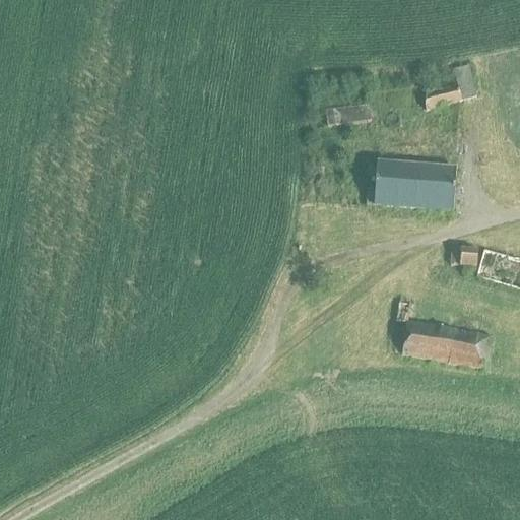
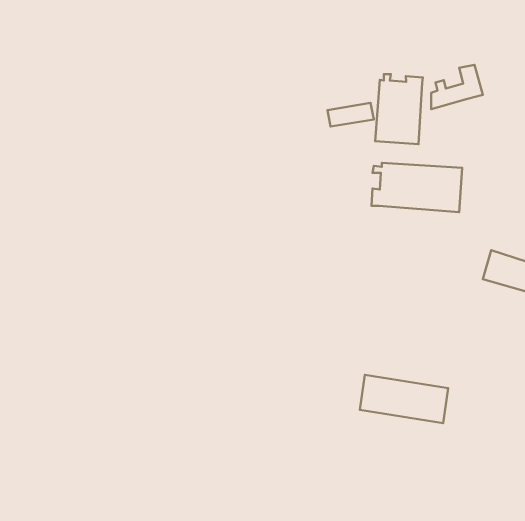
building: none -> [375,74,423,144]
building: [402,319,490,367] -> [360,375,448,423]

